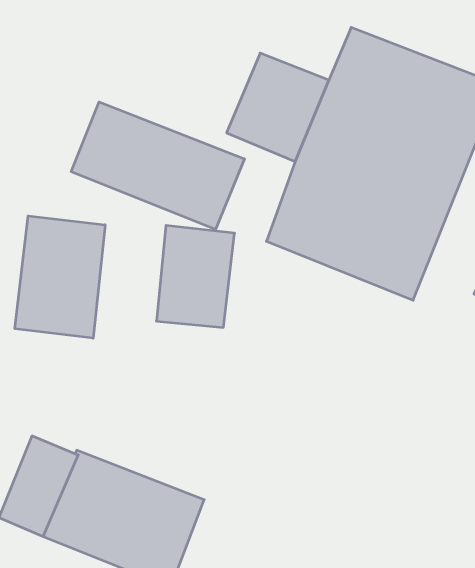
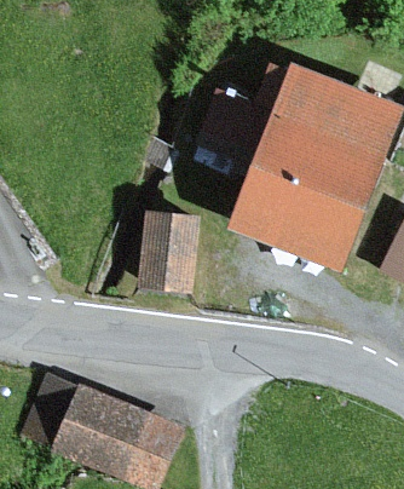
building: [71,102,244,229] -> none
building: [15,216,105,338] -> none

